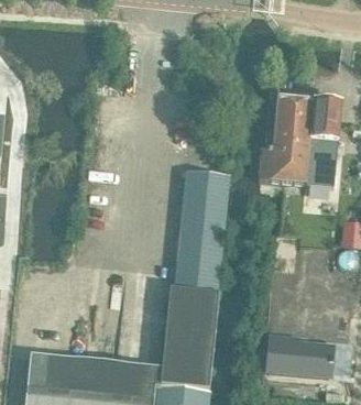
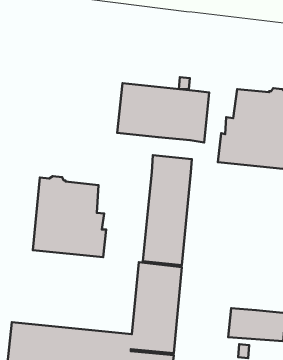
building: none -> [117,83,209,142]
building: none -> [33,176,106,257]

